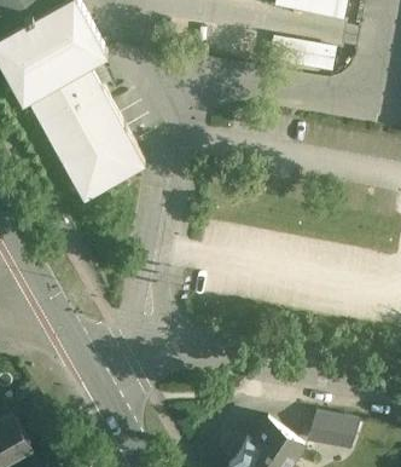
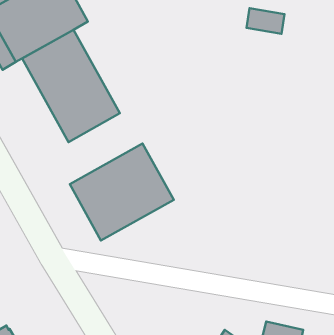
building: none -> [70,144,174,240]

